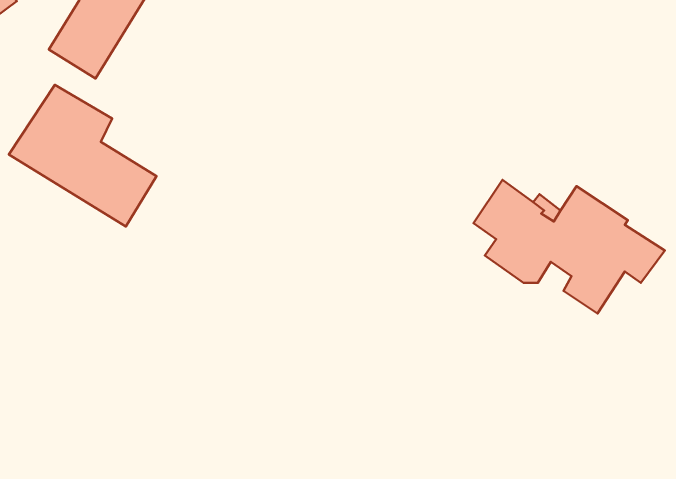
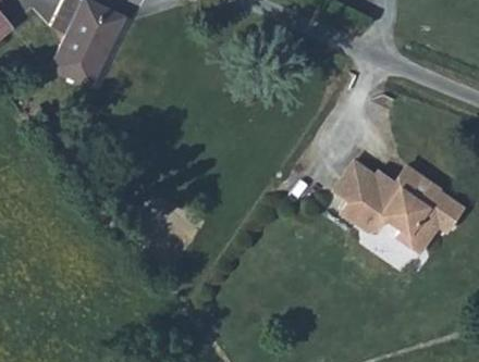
building: [9,85,157,227] -> none

